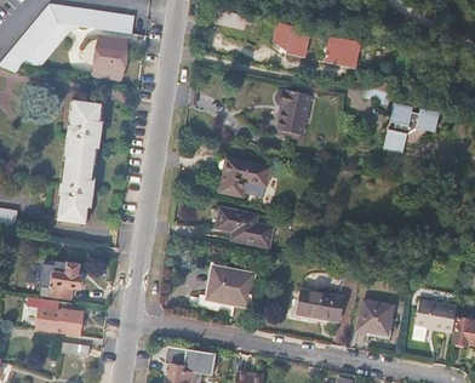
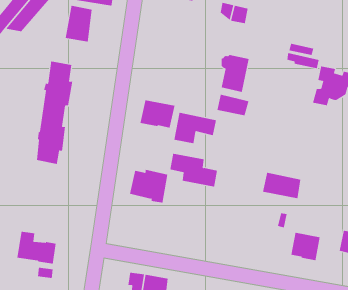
building: [326,36,361,67] -> none
building: none -> [217,94,249,116]
building: none -> [140,99,175,128]
building: [40,262,81,299] -> none
building: [210,265,256,305] -> [129,169,168,203]
building: [298,288,344,320] -> [262,172,301,199]

